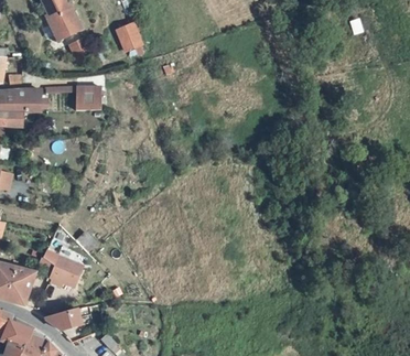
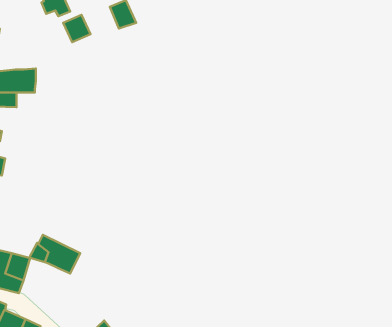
building: [76,86,101,110] -> none
building: [44,305,90,330] -> none

